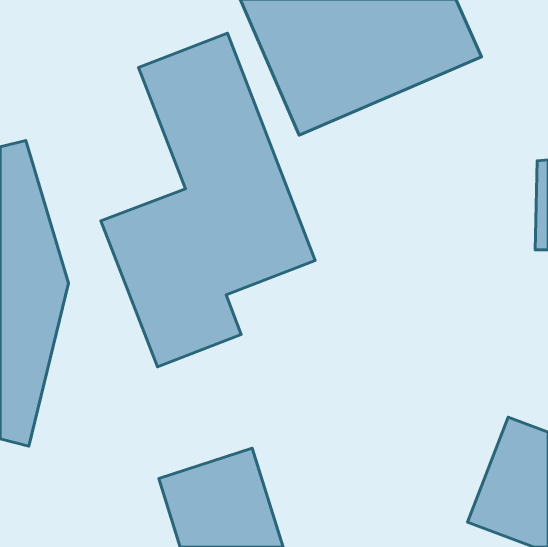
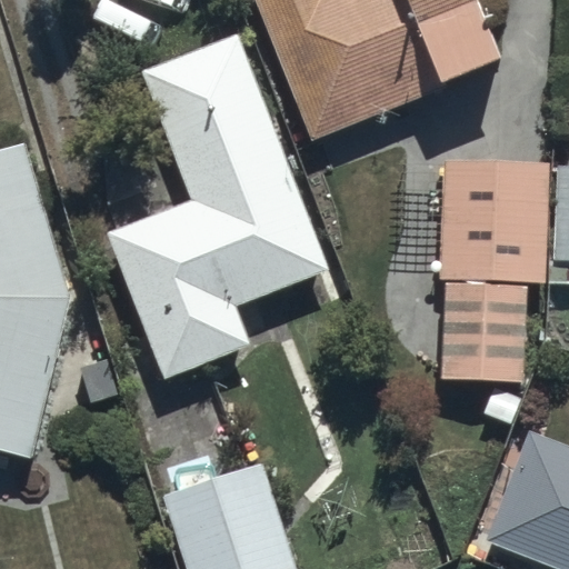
building: none -> [435,158,526,381]

